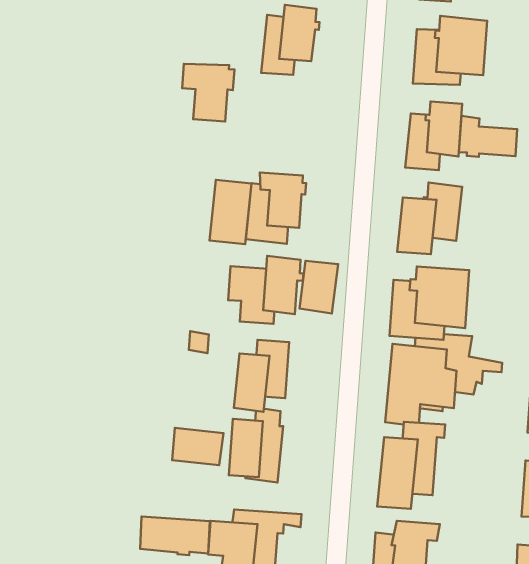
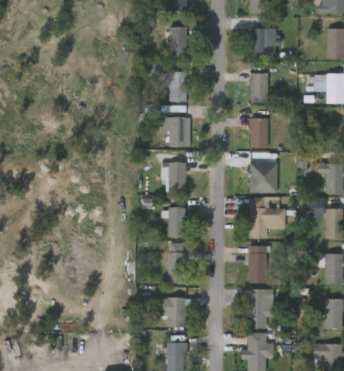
building: [182,64,234,121] -> [164,71,191,101]
building: [459,116,517,157] -> none
building: [209,180,251,244] -> none
building: [299,261,338,313] -> none
building: [172,428,223,465] -> none
building: [140,516,210,555] -> none

